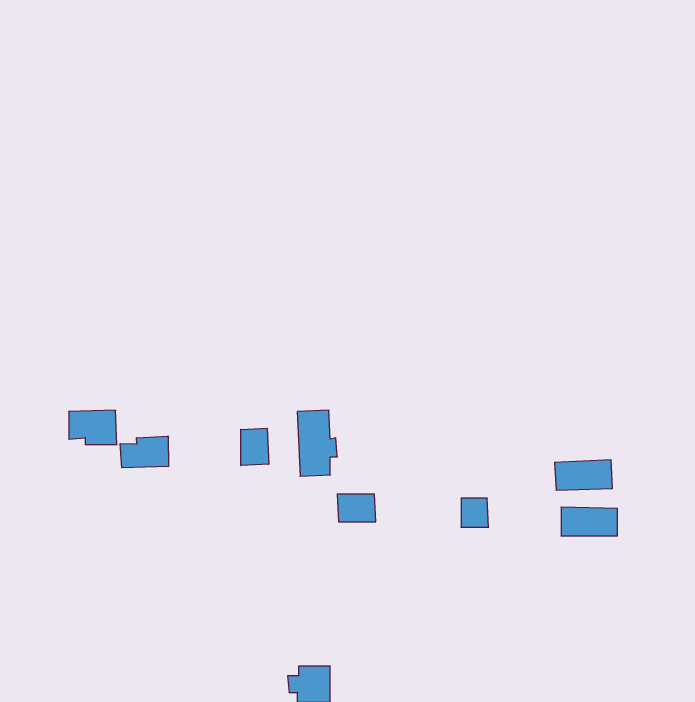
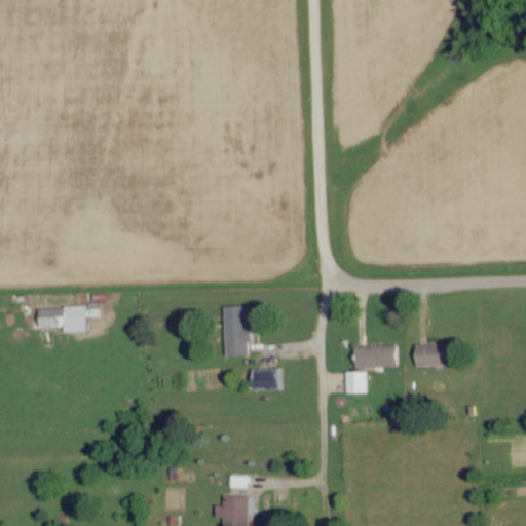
building: [241,428,269,466] -> none
building: [120,436,169,468] -> none
building: [561,507,617,536] -> [353,345,396,367]

